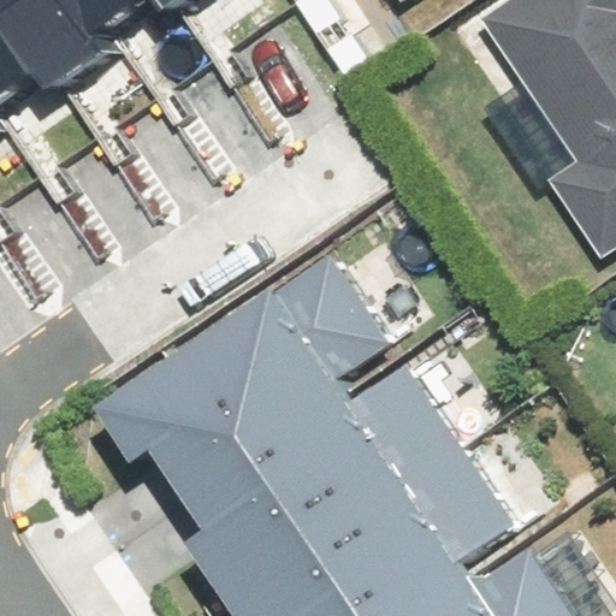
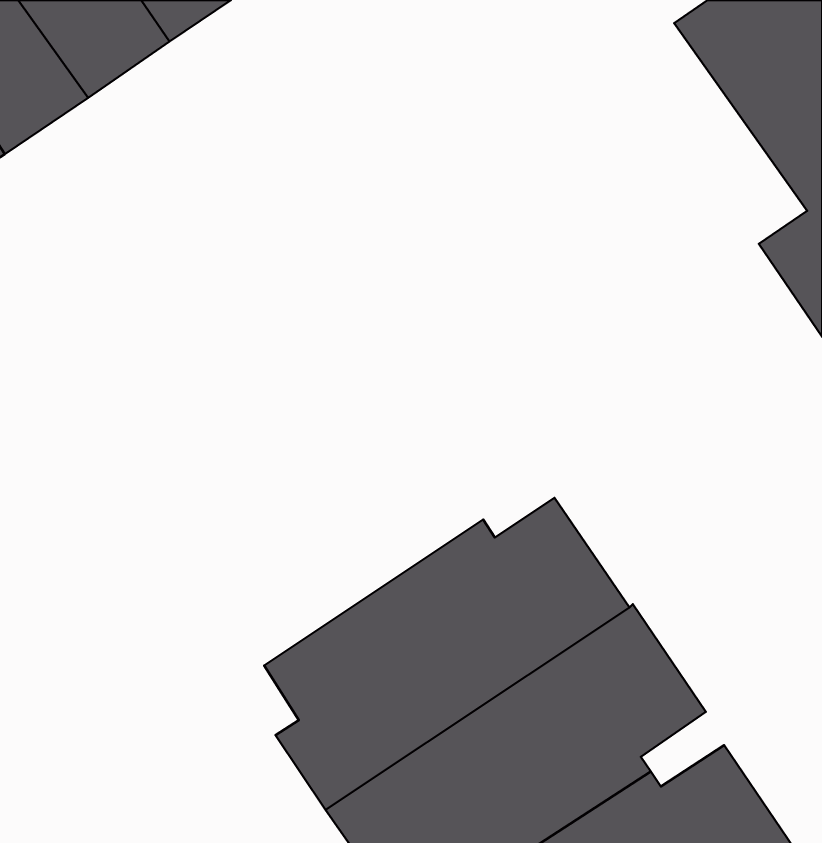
building: [111,255,386,486] -> none

